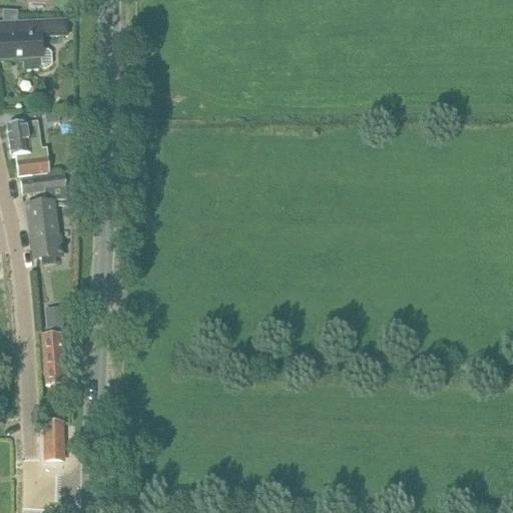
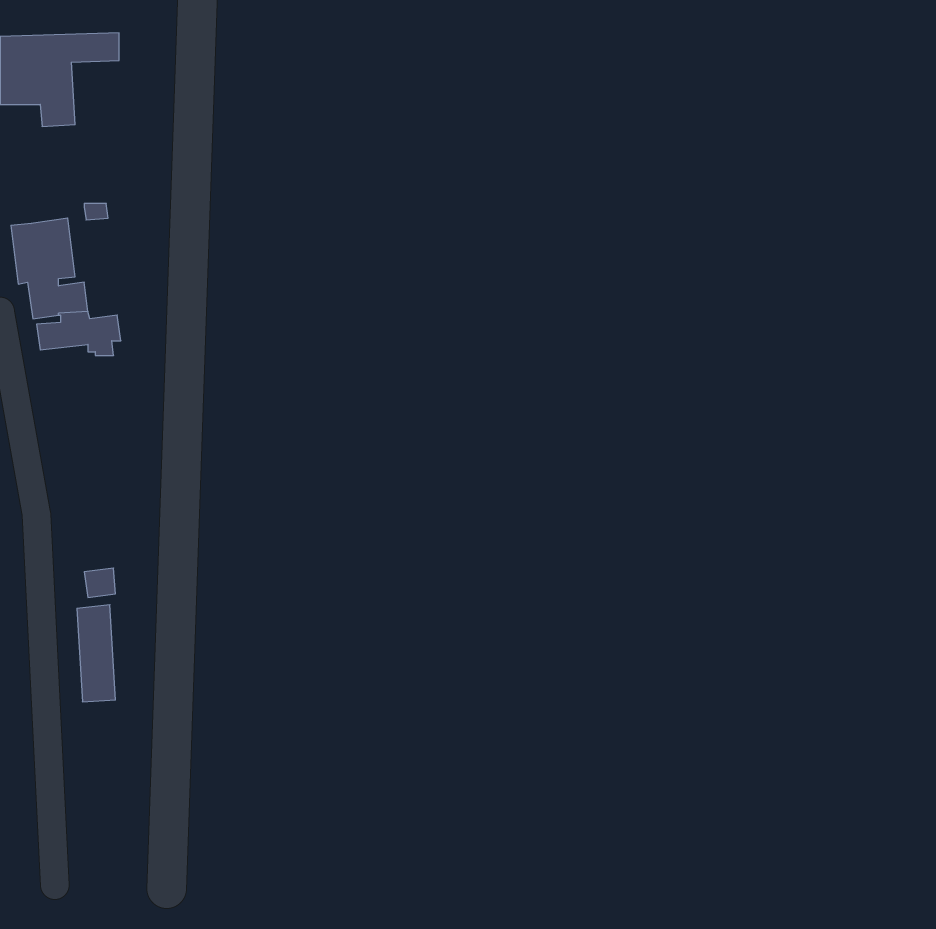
building: [26,200,61,260] -> none
building: [45,421,62,458] -> none

